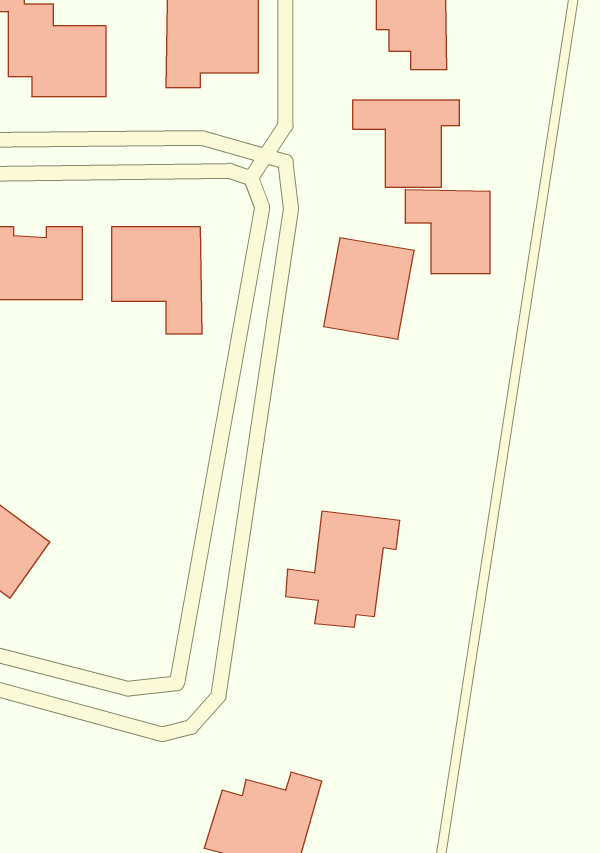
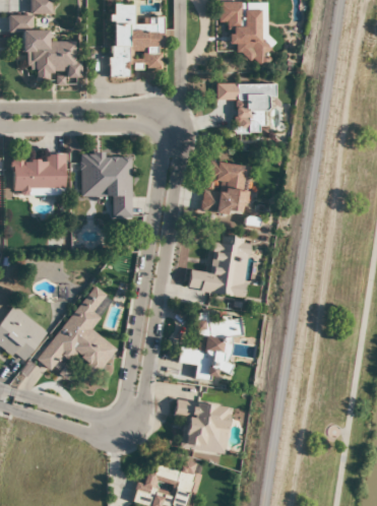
building: [405,189,490,274] -> none
building: none -> [188,235,252,298]
building: none -> [37,284,117,378]
building: none -> [174,398,232,454]

